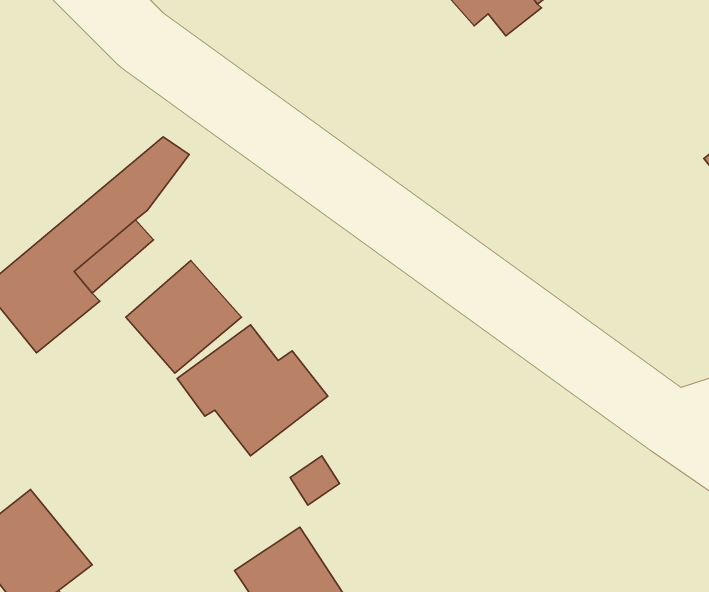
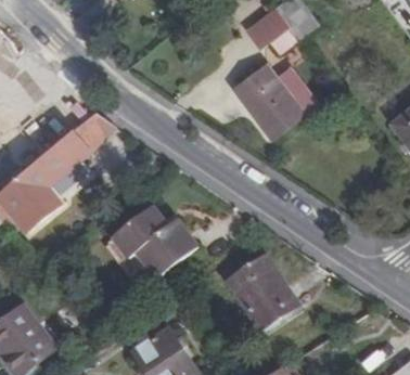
building: none -> [236,67,306,140]
building: [126,261,242,373] -> none
building: none -> [225,258,293,333]

